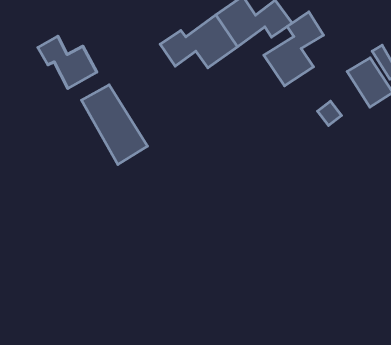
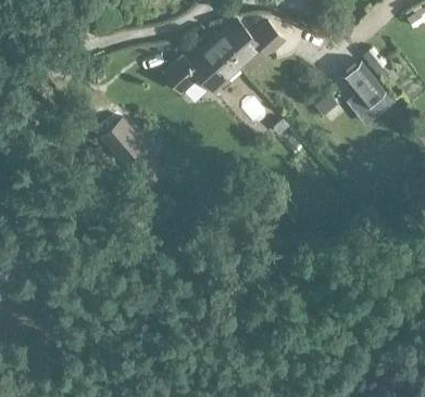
building: [264,12,323,86] -> none
building: [38,36,97,88] -> none

